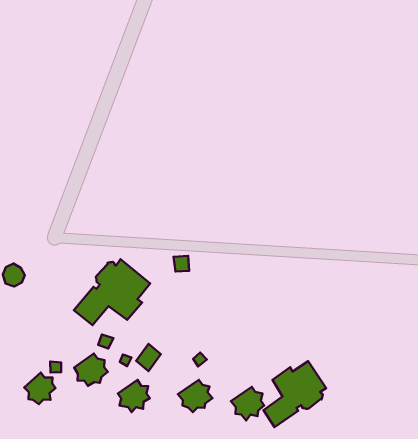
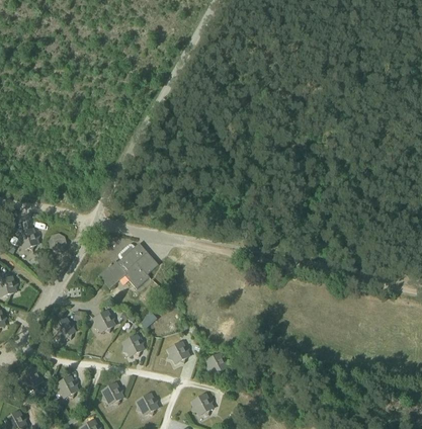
building: [264,361,326,427] -> none

